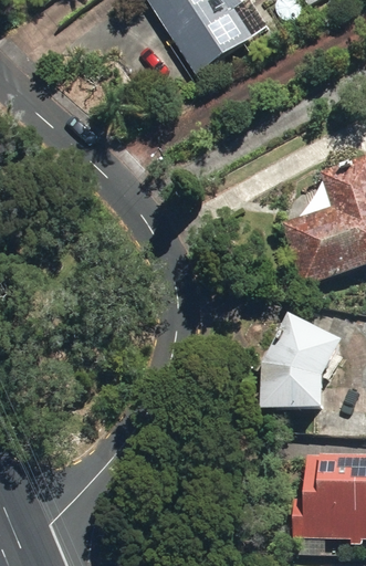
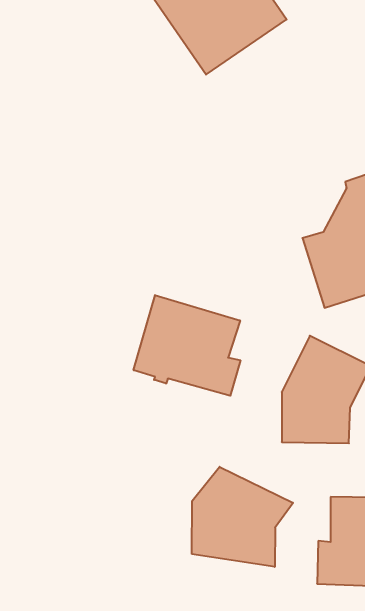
building: none -> [134,295,240,396]
building: none -> [192,467,293,567]

